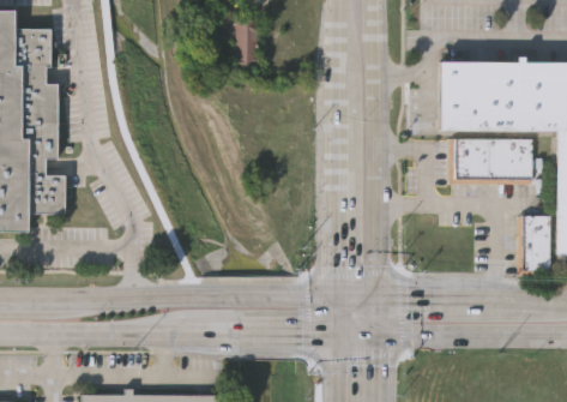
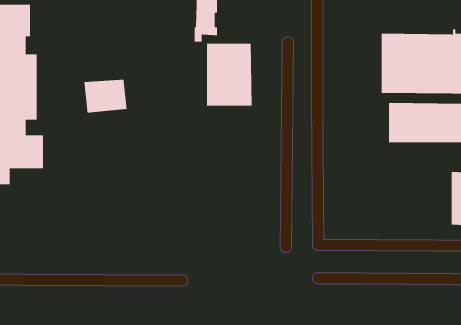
building: none -> [206,43,253,107]
building: none -> [84,79,127,113]

